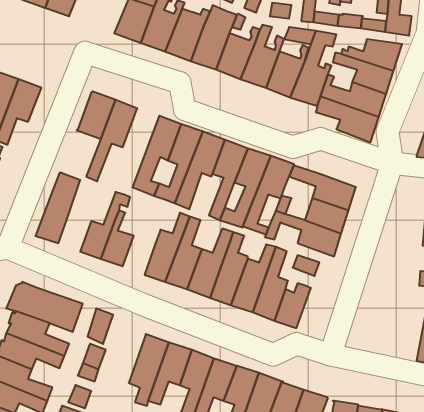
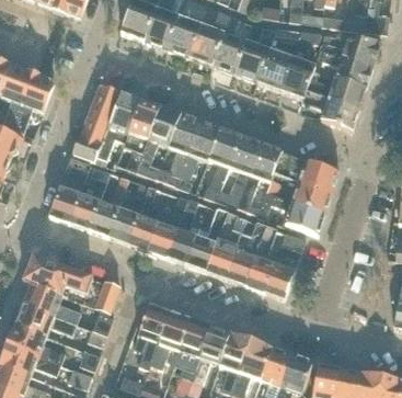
building: none -> [124,100,161,171]
building: none -> [73,120,108,161]
building: none -> [70,166,111,229]
building: none -> [128,184,162,250]

